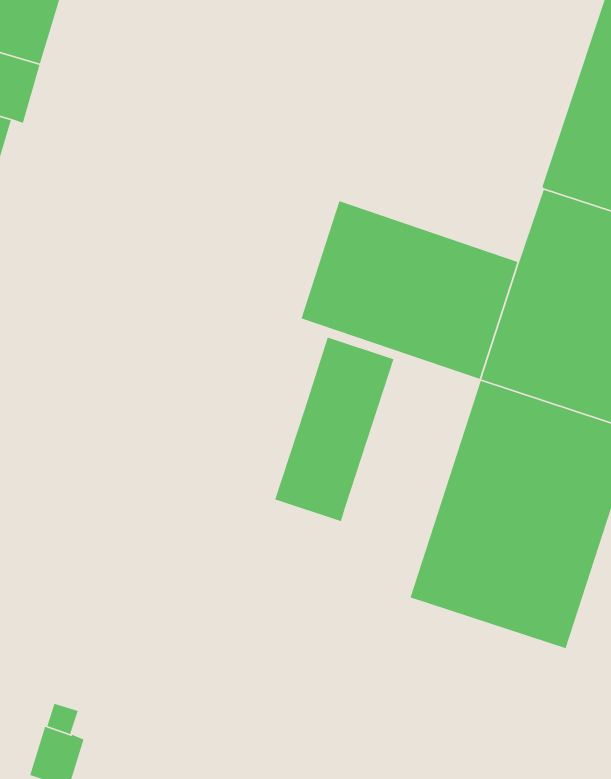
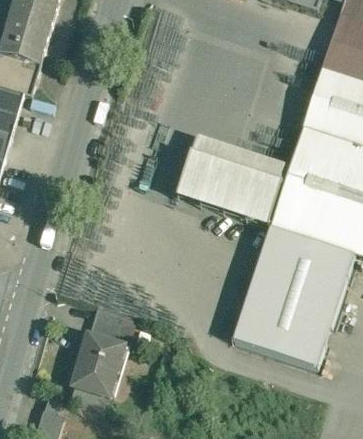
building: [274,336,394,522] -> none
building: none -> [92,305,136,339]
building: none -> [69,335,124,415]

